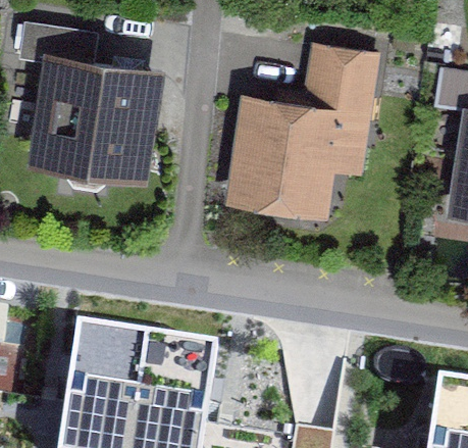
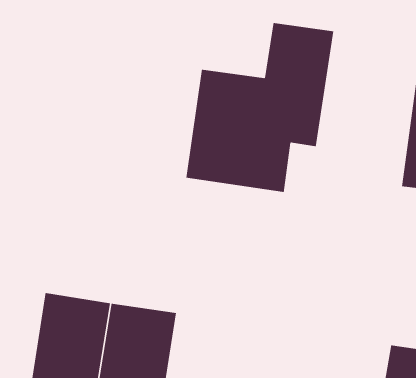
building: [35,51,160,182] -> none

